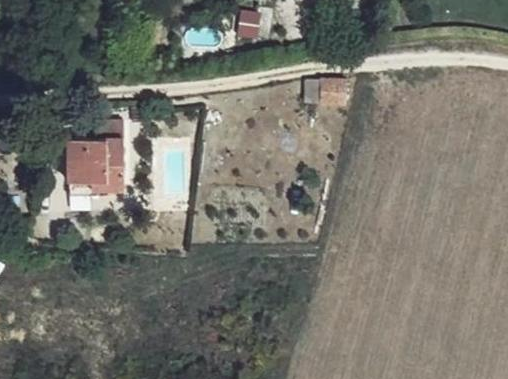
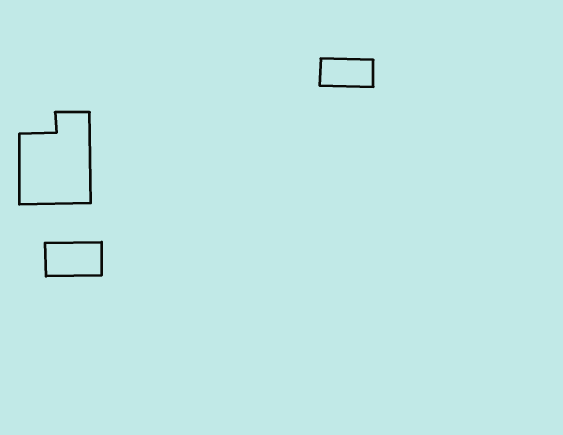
building: none -> [45,242,102,276]

